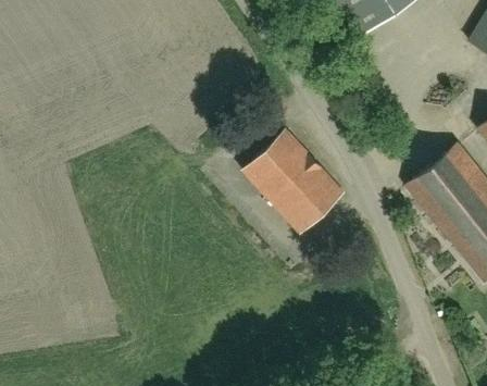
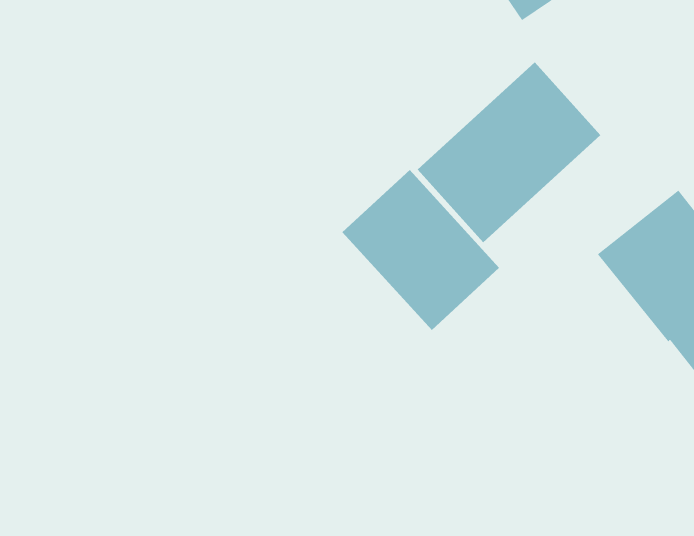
building: none -> [417,61,601,243]

